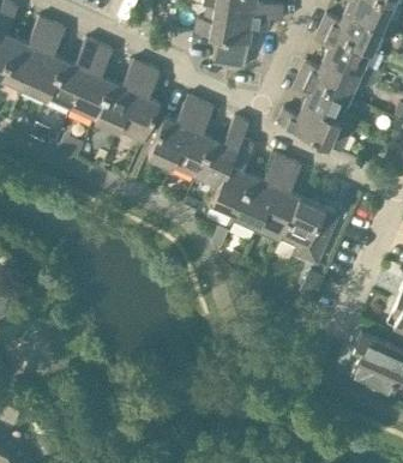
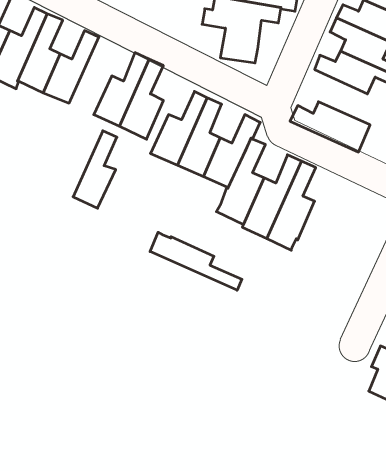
building: [73,47,114,119] -> [73,131,117,208]
building: [295,77,357,128] -> none
building: [281,199,339,265] -> none
building: none -> [150,232,242,290]

